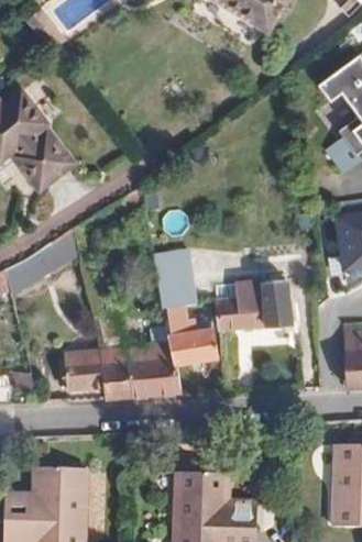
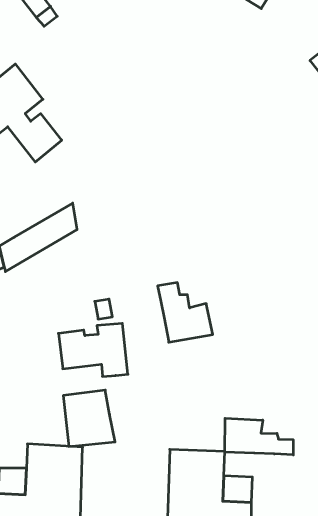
building: [153,248,197,310] -> none
building: [213,279,292,331] -> none
building: [129,342,180,398] -> [63,390,115,446]
building: none -> [225,418,293,455]

